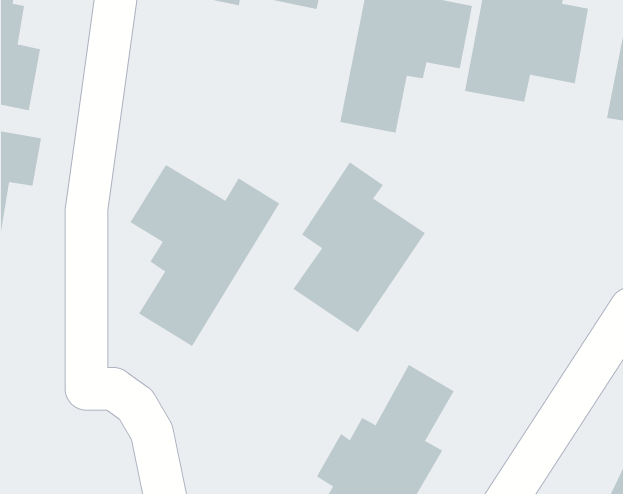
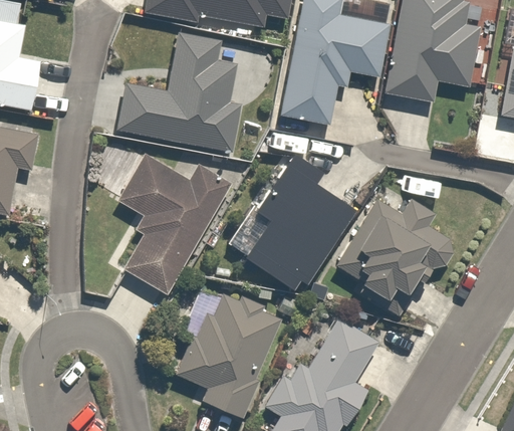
building: none -> [112,30,241,153]
building: none -> [330,198,457,315]
building: none -> [177,288,283,417]

